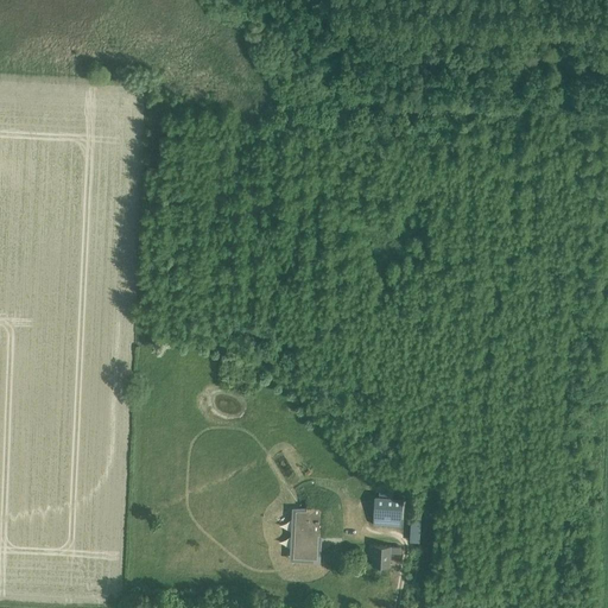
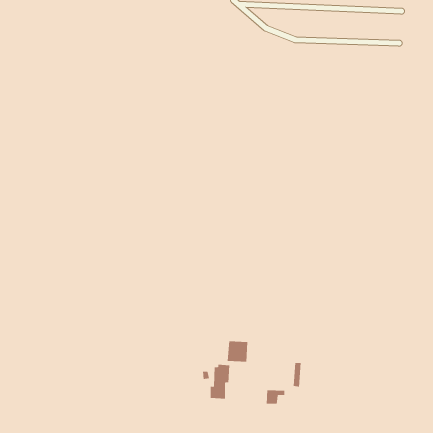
building: [372,498,401,527] -> [227,341,248,362]

